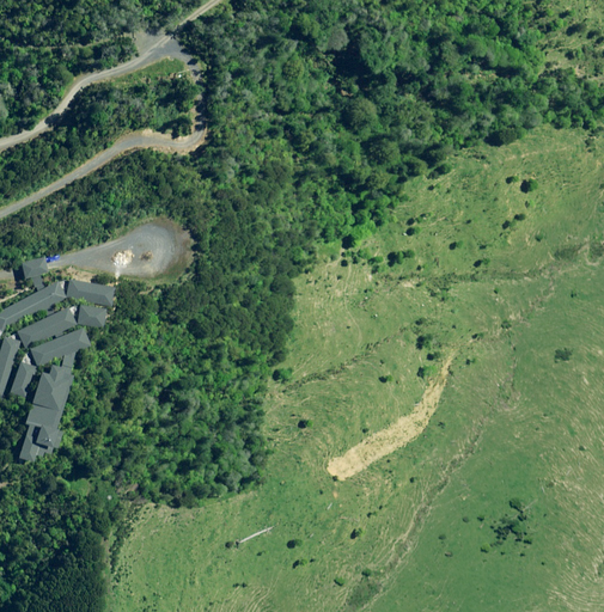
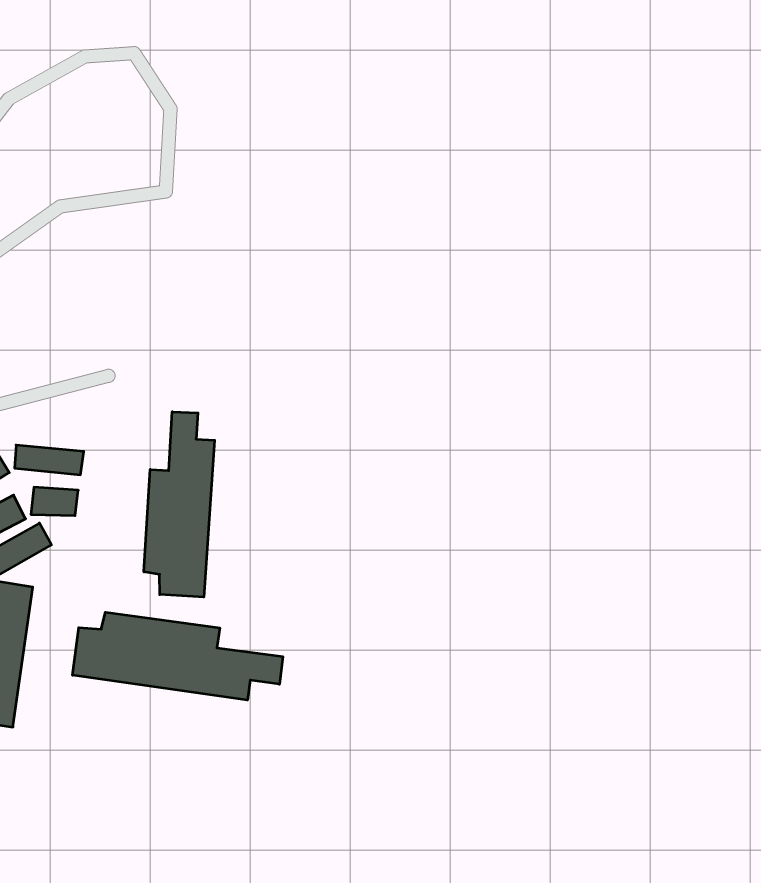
building: none -> [144,412,215,597]
building: none -> [73,612,283,700]

